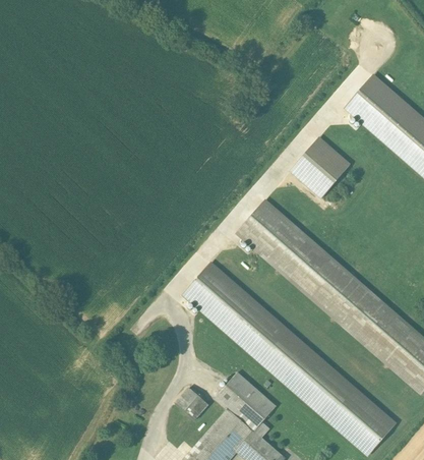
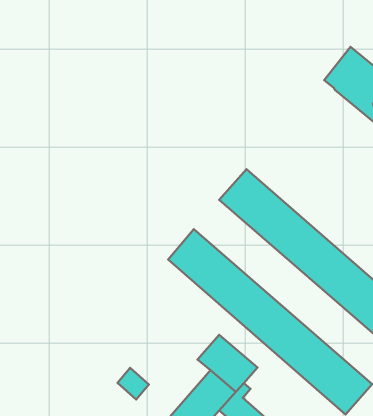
building: [292,135,355,198] -> none
building: [176,387,208,419] -> [118,368,149,399]

